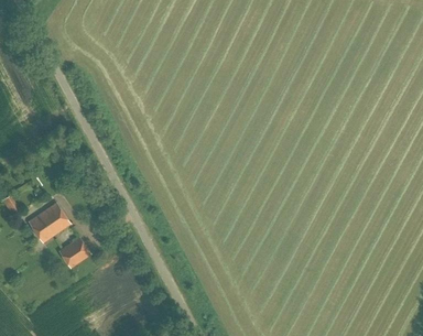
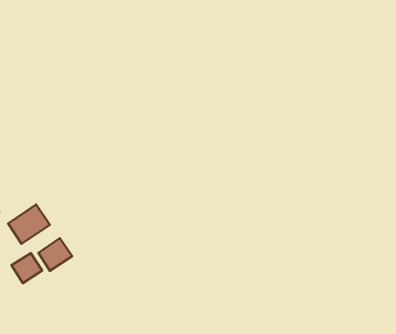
building: none -> [12,253,42,283]

